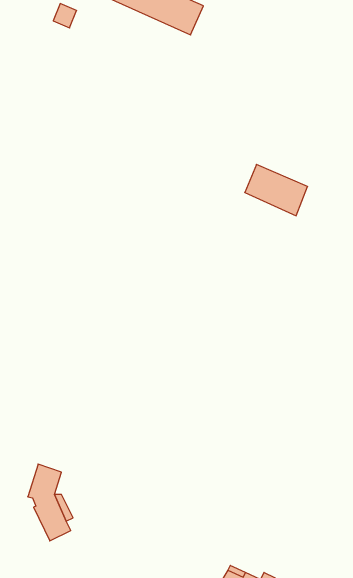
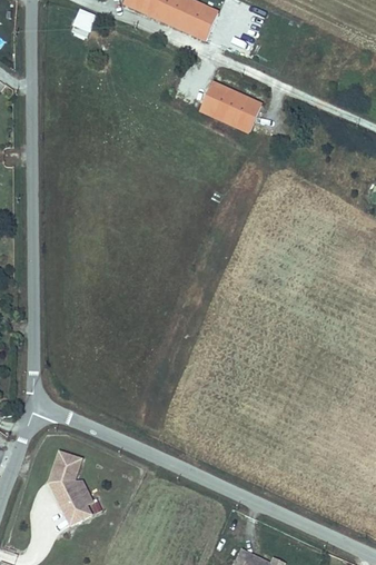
building: [245,164,308,216] -> [200,83,260,132]

